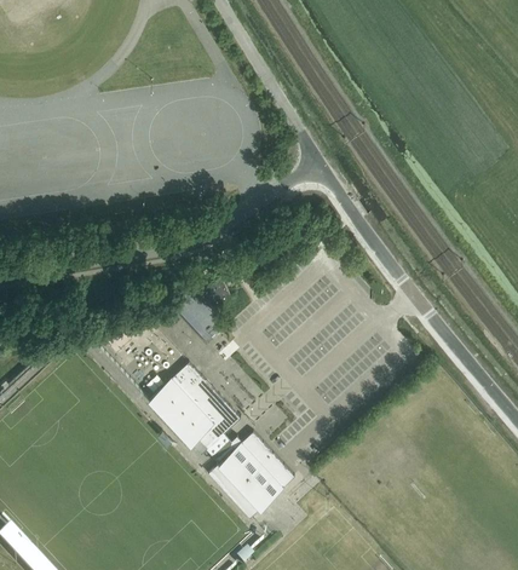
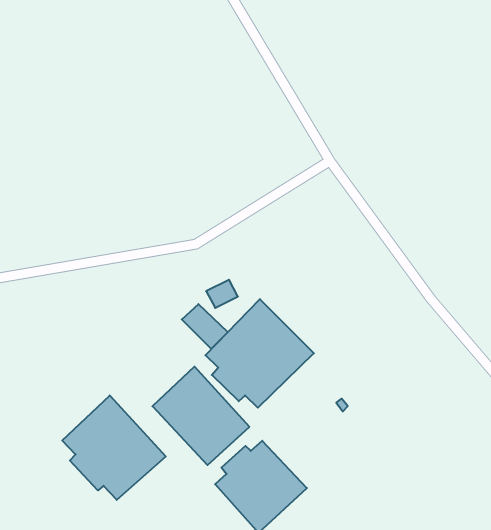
building: none -> [205,299,314,408]
building: none -> [62,395,166,500]

